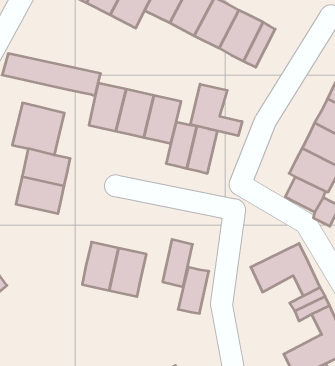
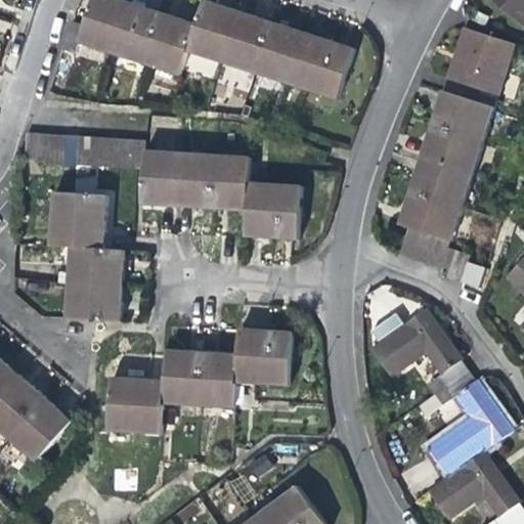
building: [190,84,242,136] -> none
building: none -> [107,377,165,433]
building: [178,267,209,313] -> [235,329,266,384]

